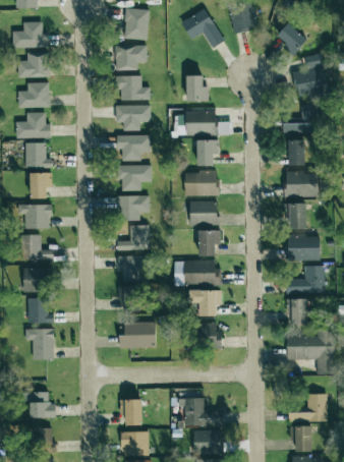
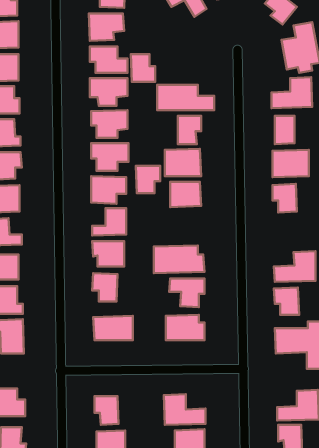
building: [186,75,209,101] -> [131,54,155,82]
building: [198,230,221,255] -> [136,166,160,193]
building: [287,235,321,259] -> none

